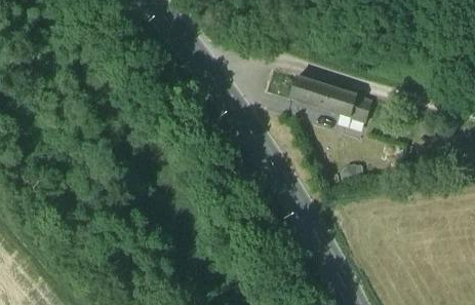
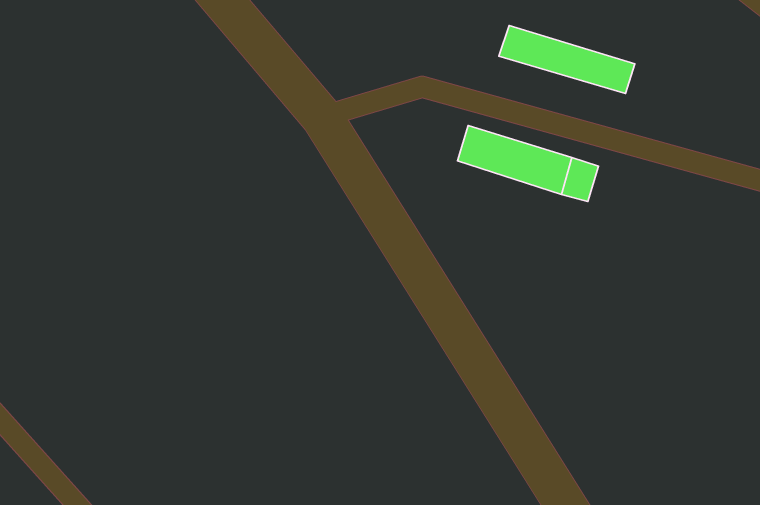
building: none -> [499,25,635,93]

